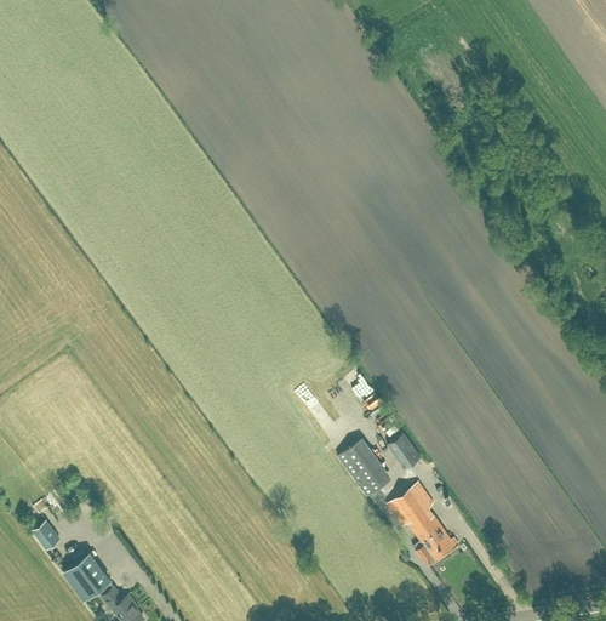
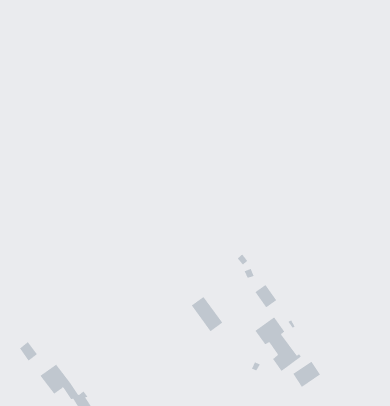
building: [337,441,385,496] -> [191,296,223,332]
building: none -> [292,361,321,388]

